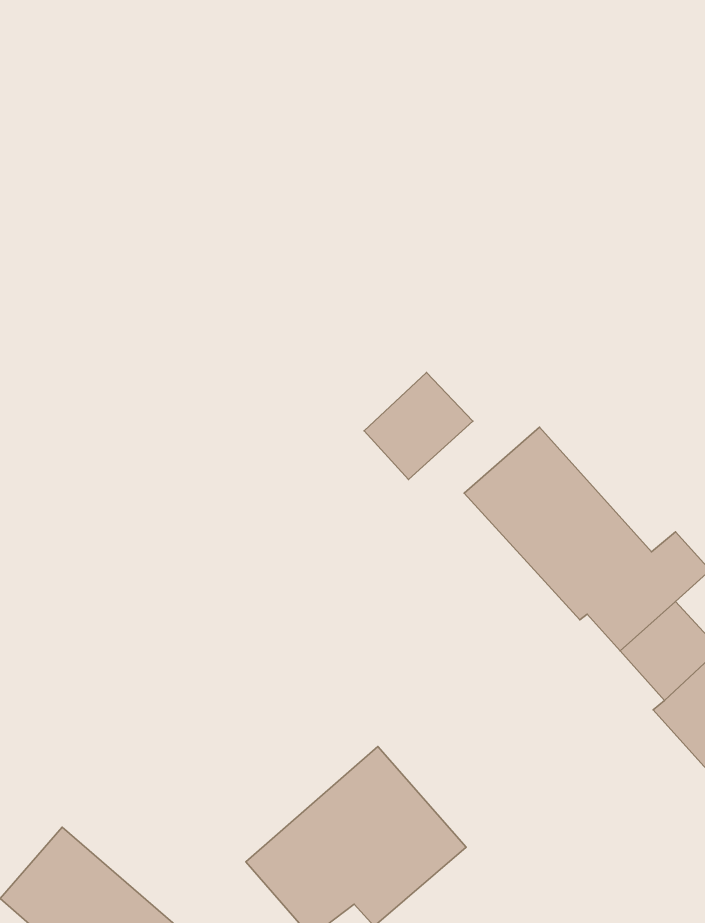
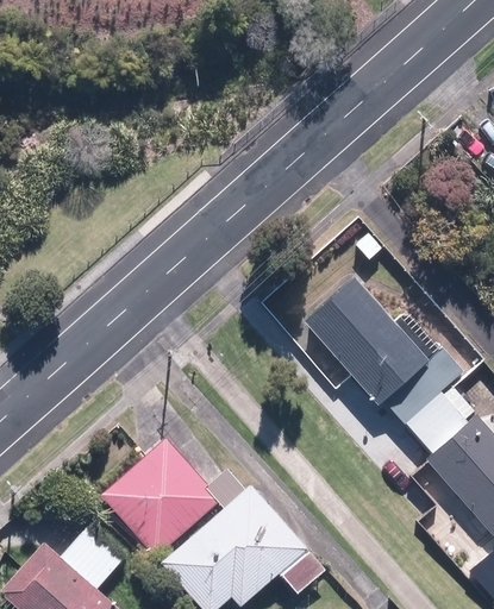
building: [364,373,473,479] -> none
building: none -> [102,440,218,555]

